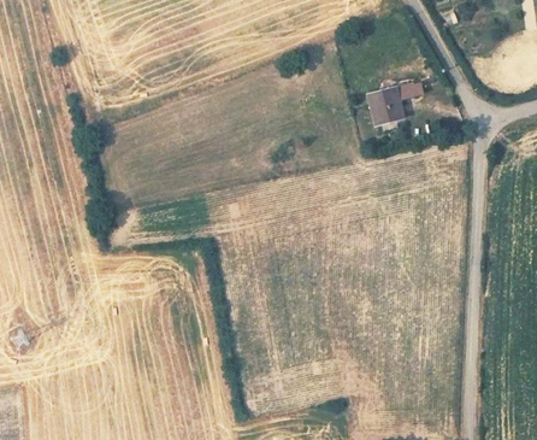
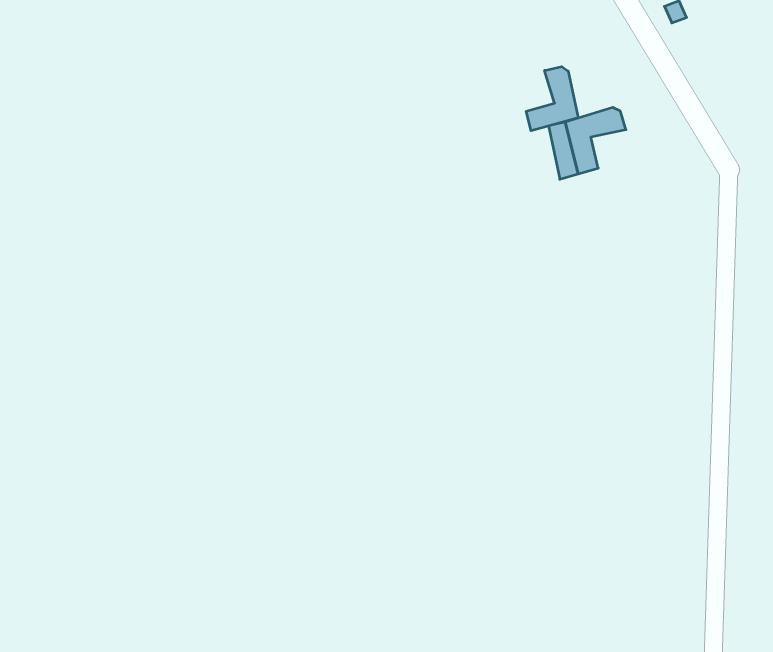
building: none -> [526,67,578,131]

